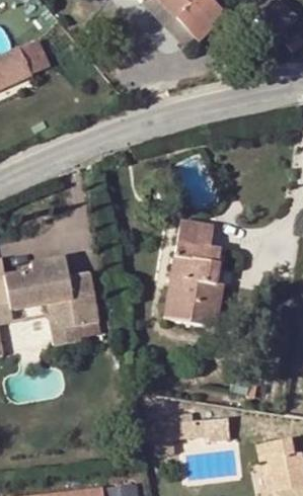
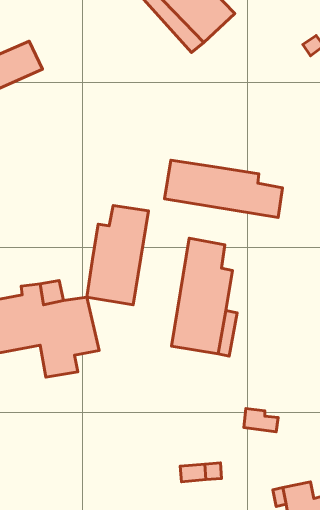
building: none -> [165,160,282,217]
building: none -> [87,206,149,305]

